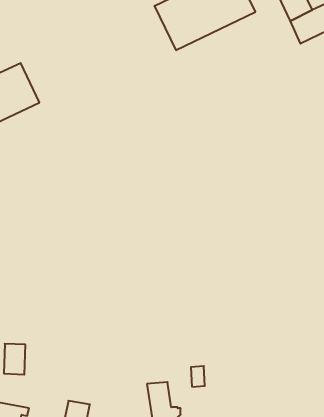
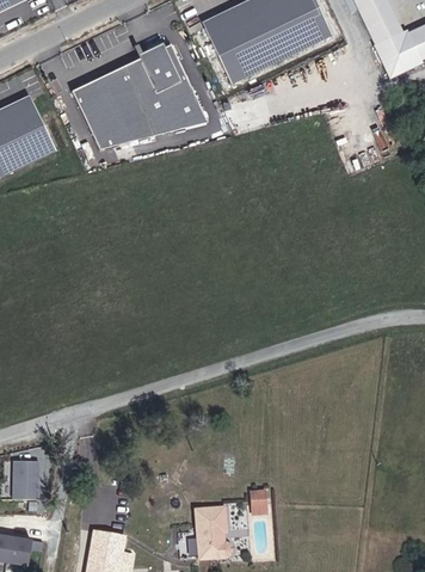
building: none -> [72,43,205,148]

